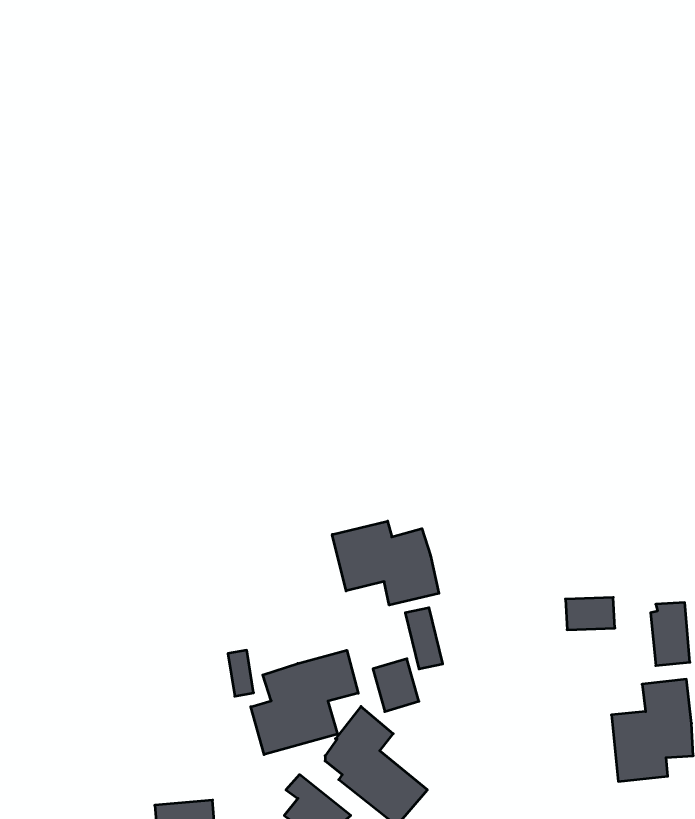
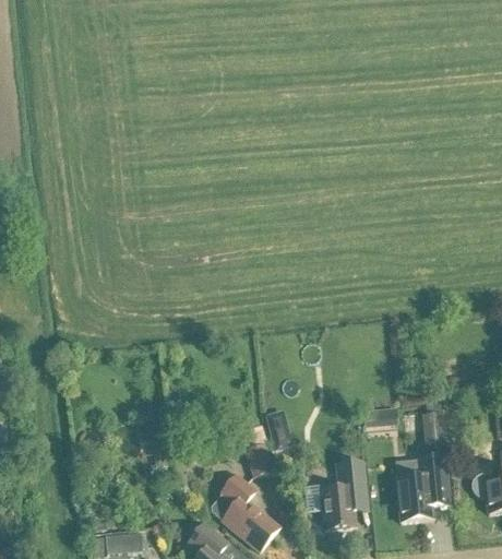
building: [332,521,439,605] -> none
building: [251,650,358,755] -> none
building: none -> [320,461,367,528]

